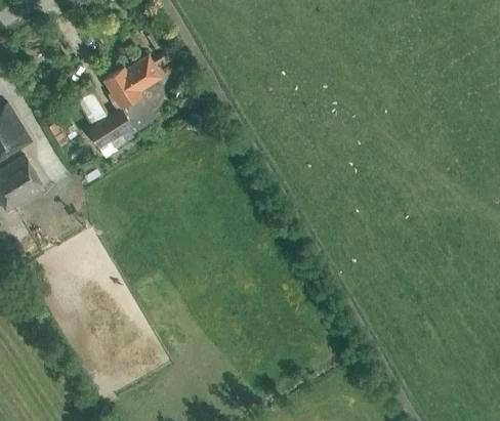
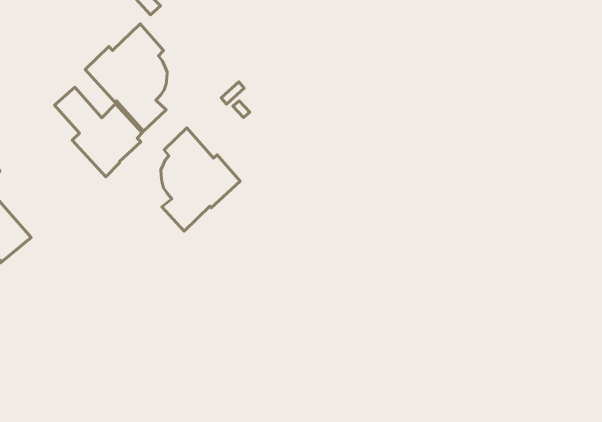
building: none -> [161,128,240,231]

